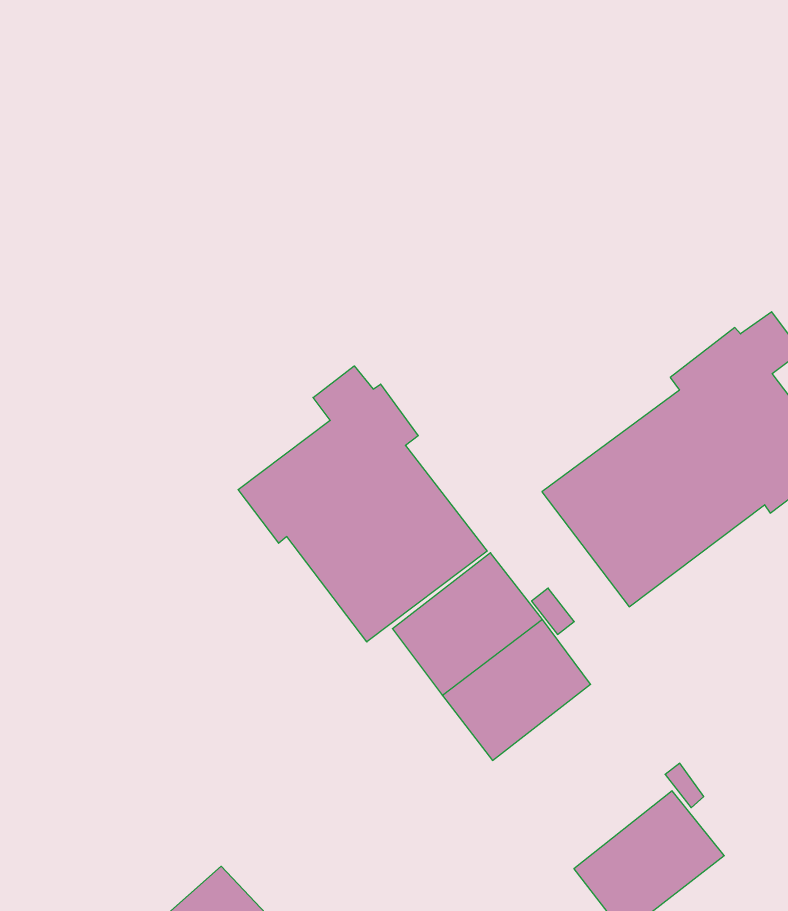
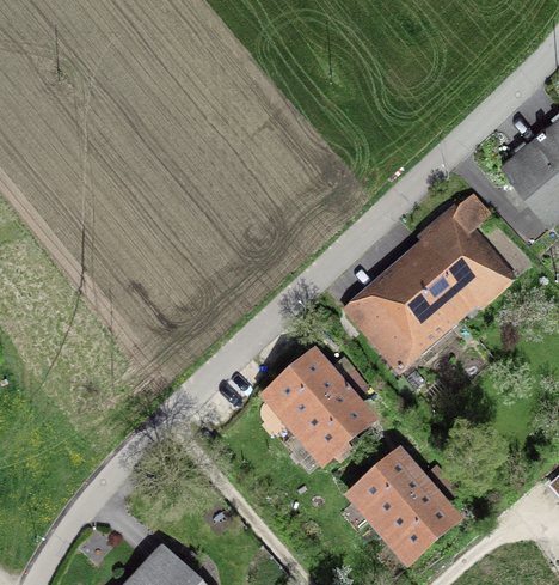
building: [238,366,487,642] -> none
building: none -> [343,445,431,531]

